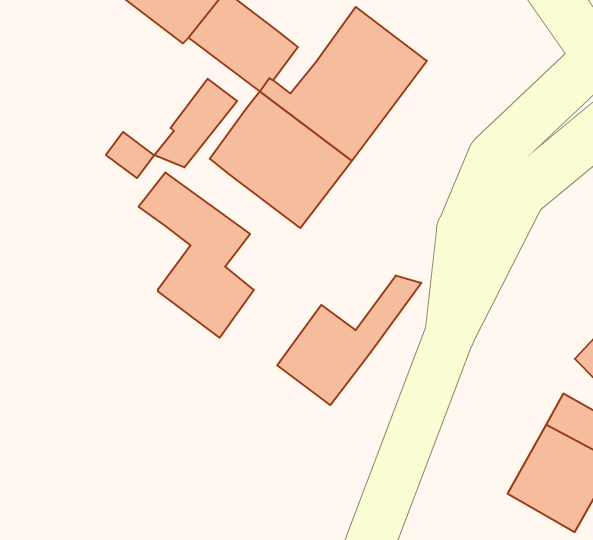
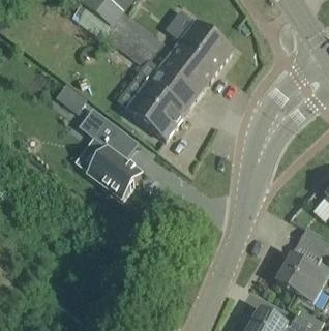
building: [154,79,237,167] -> none
building: [277,275,421,405] -> none

